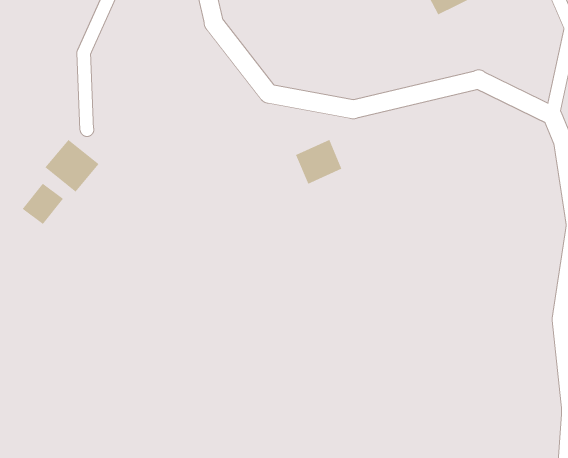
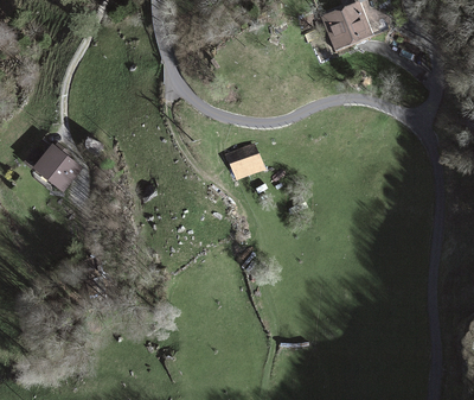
building: [22,183,64,225] -> none

